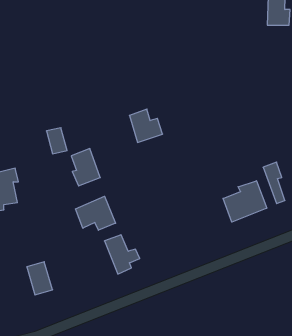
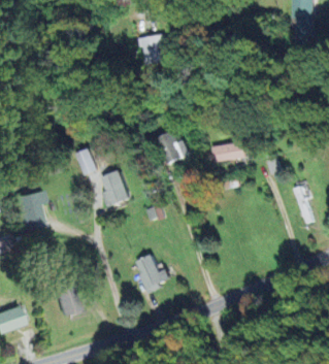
building: none -> [136,35,166,65]
building: none -> [211,143,245,162]
building: [223,181,267,222] -> none
building: [75,196,116,230] -> none

